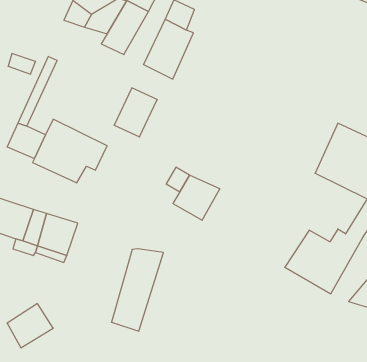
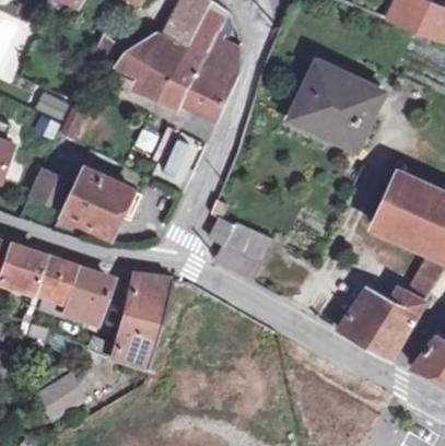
building: none -> [161,45,207,104]
building: none -> [291,60,384,149]
building: [111,249,163,331] -> [113,277,171,368]

